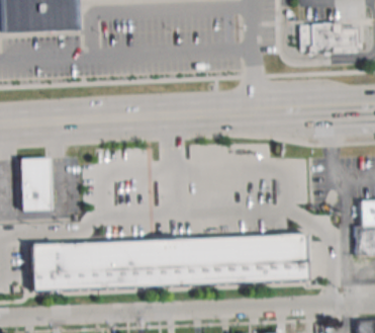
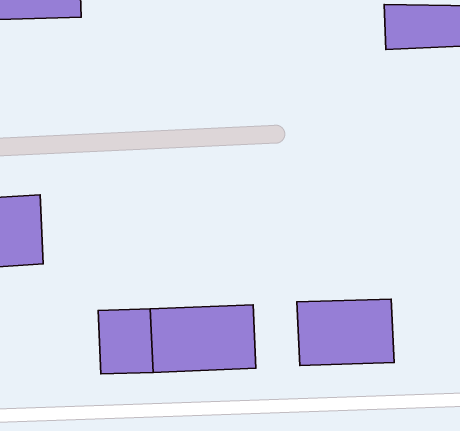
building: [202,235,236,282] -> none
building: [28,241,93,289] -> none

